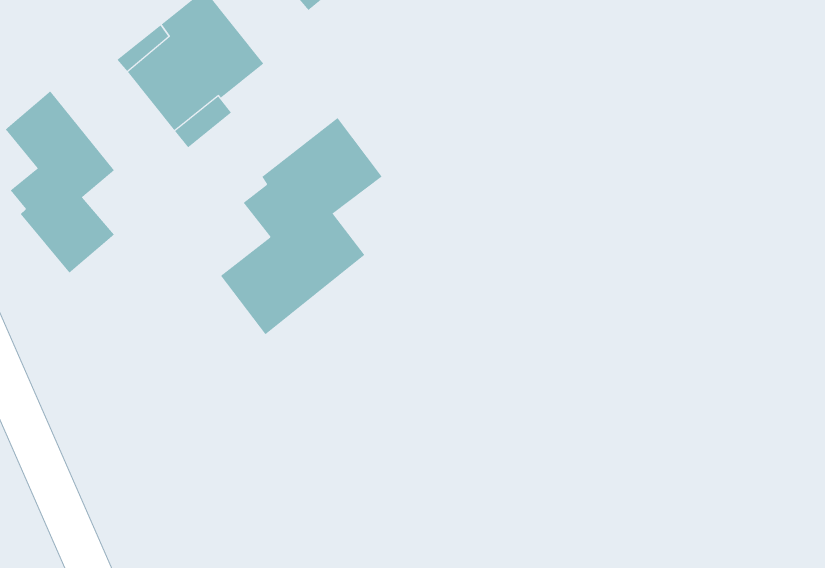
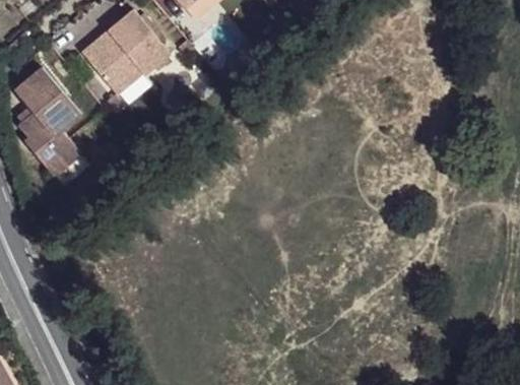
building: [220,117,383,335] -> none

